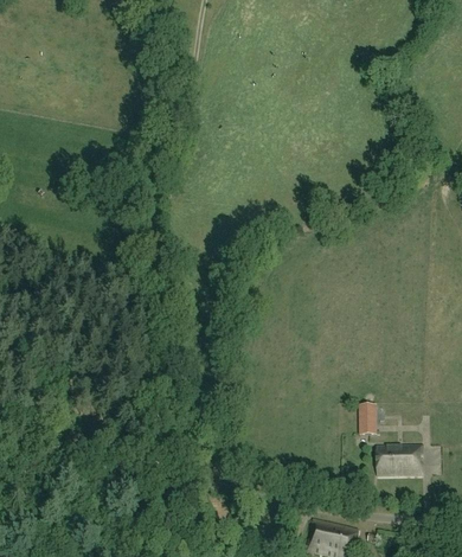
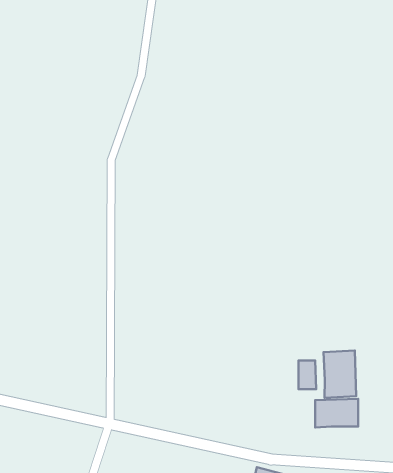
building: none -> [323,351,356,398]

